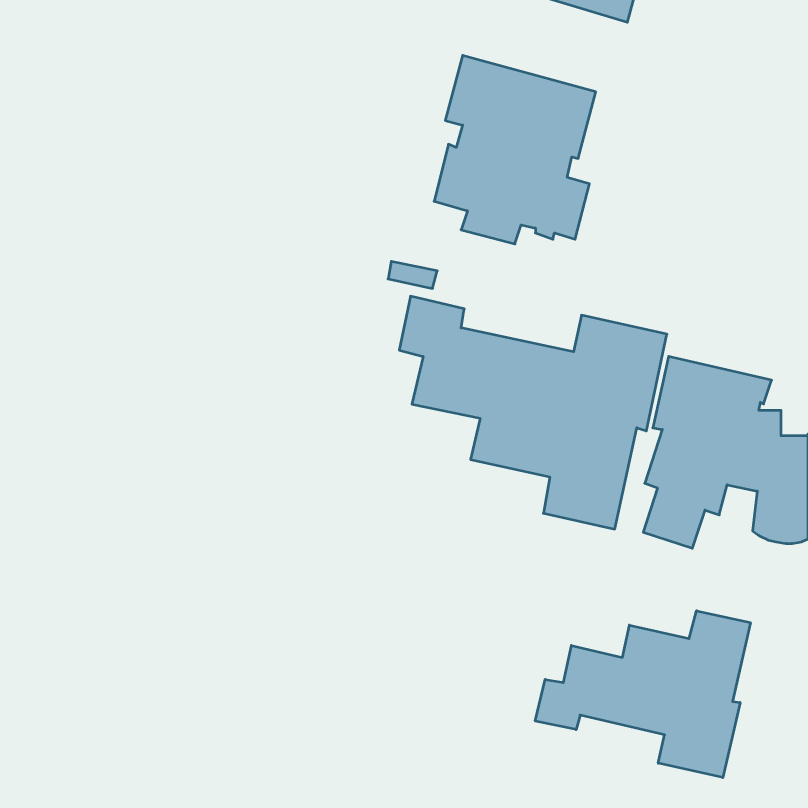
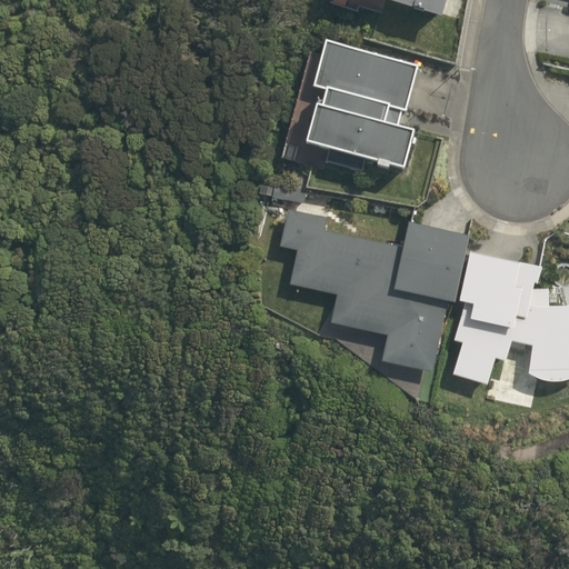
building: [535,611,750,778] -> none

